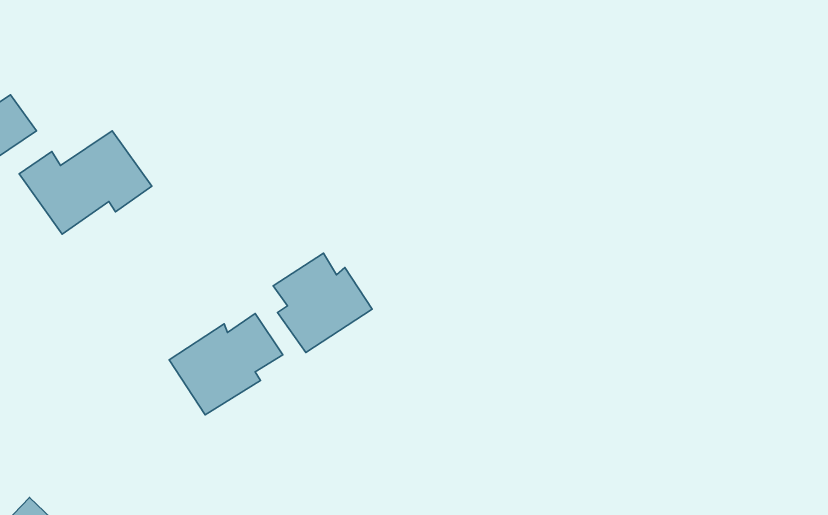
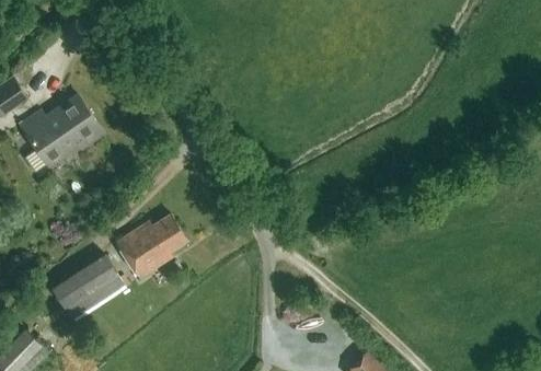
building: [273,253,372,353] -> none
building: none -> [51,255,126,322]

